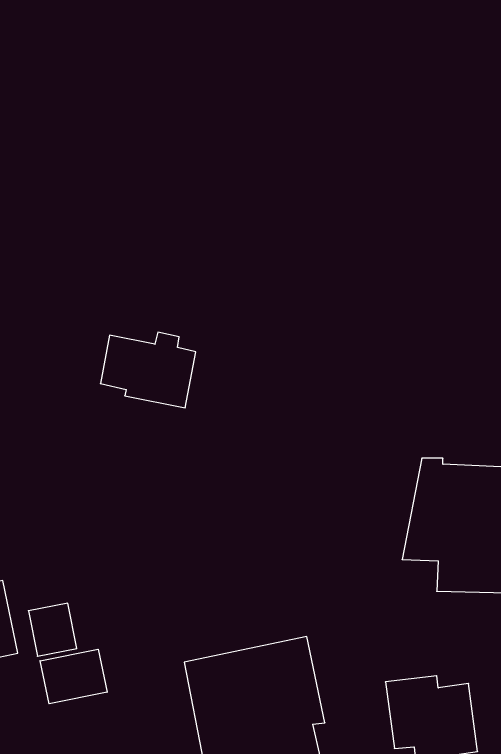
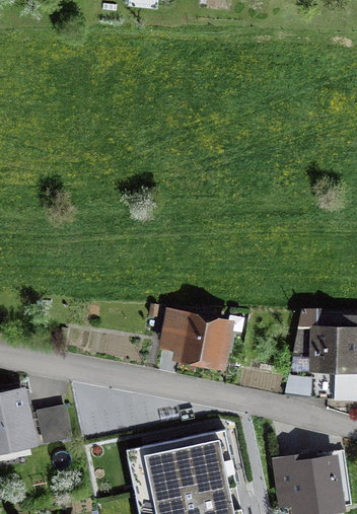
building: [100,332,196,408] -> [164,313,228,364]
building: [40,649,107,704] -> none

